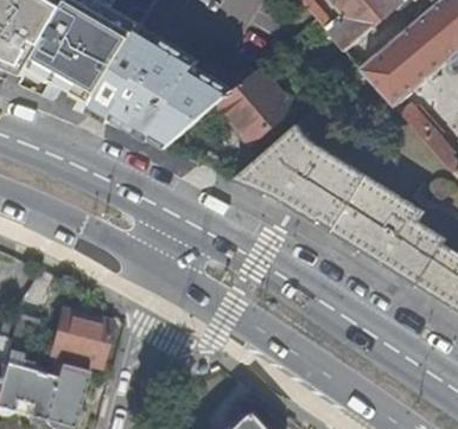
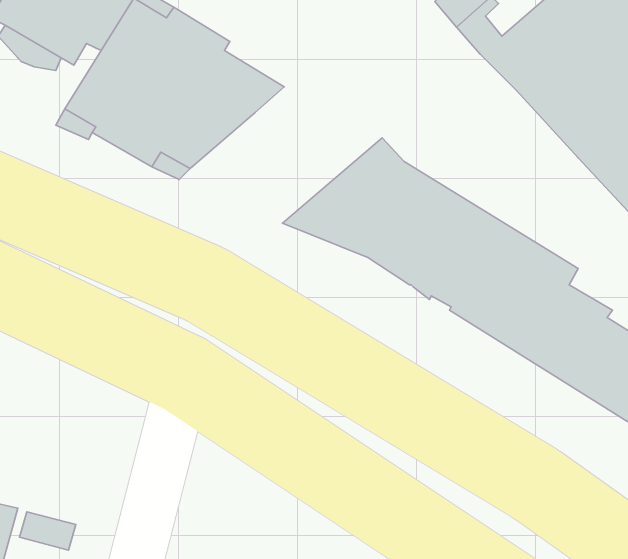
building: [214,65,294,145] -> none
building: [61,314,110,369] -> none

